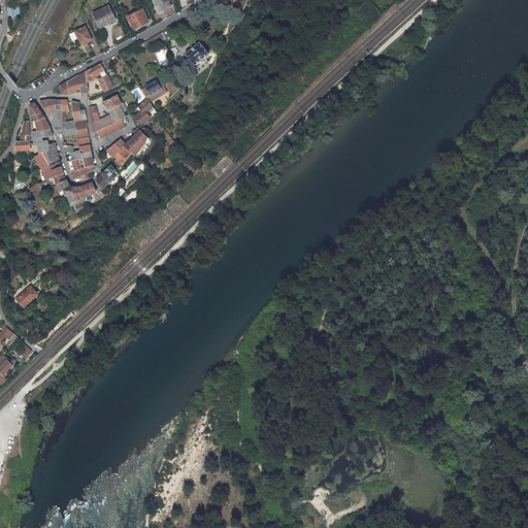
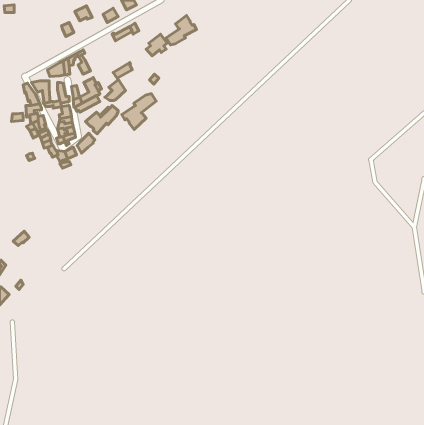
building: none -> [166,15,196,45]
building: none -> [122,94,156,129]

